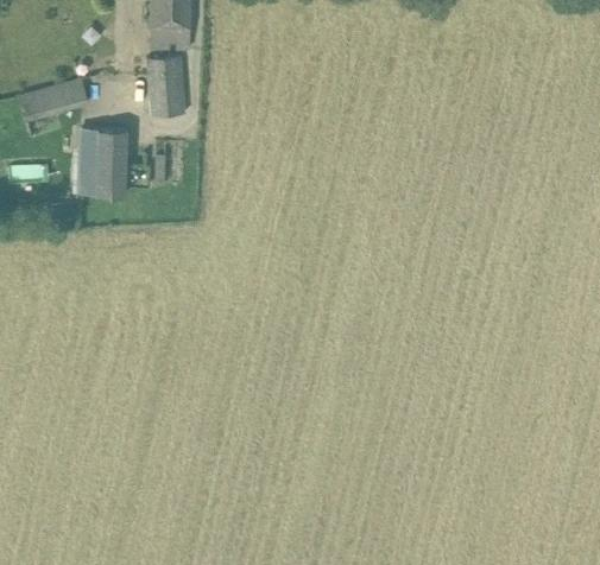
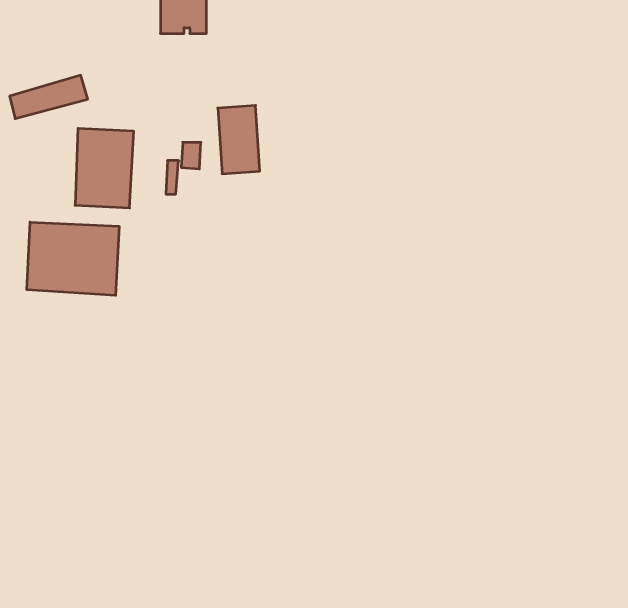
building: [147,55,183,113] -> [218,105,260,174]
building: none -> [27,222,119,295]

